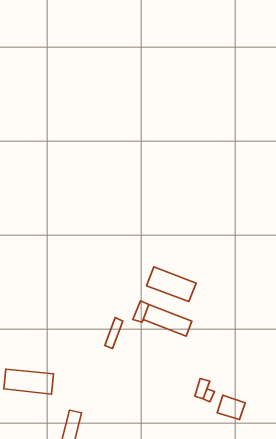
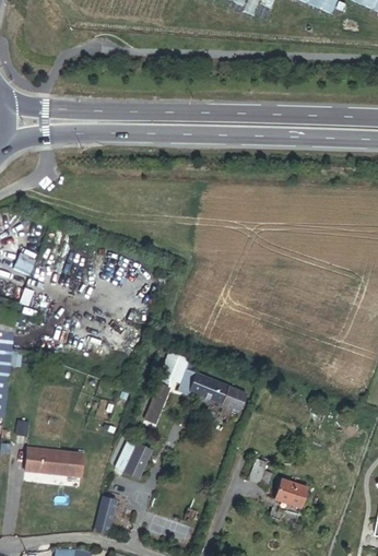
building: [146,267,196,301] -> none
building: none -> [125,442,151,478]

